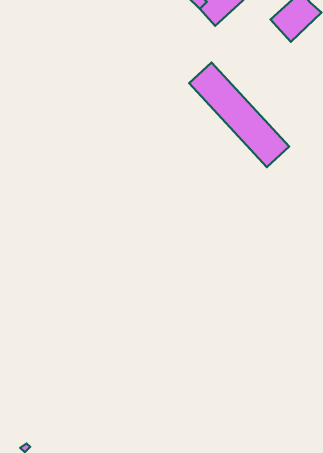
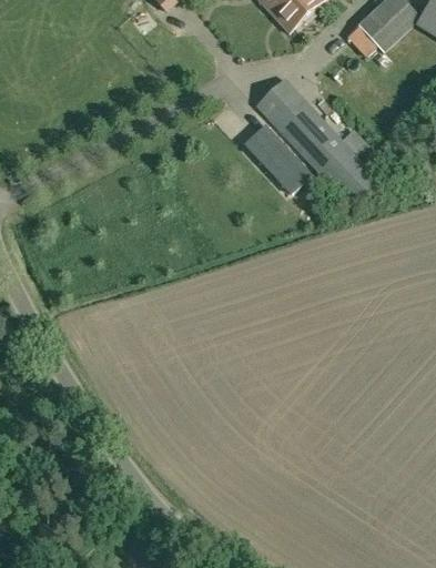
building: none -> [244,126,308,193]

